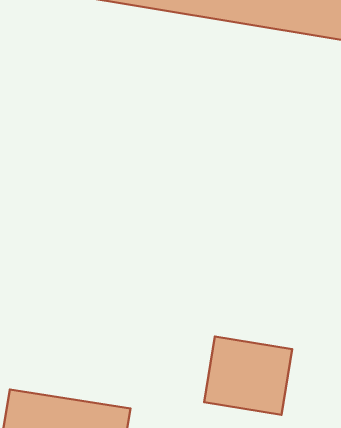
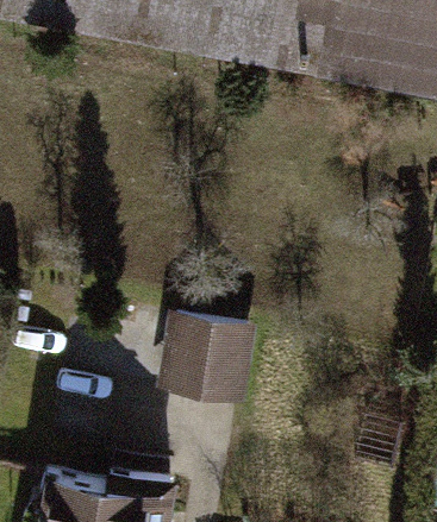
building: [204,337,292,415] -> [156,315,255,403]

